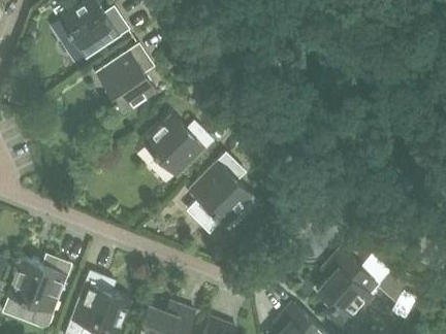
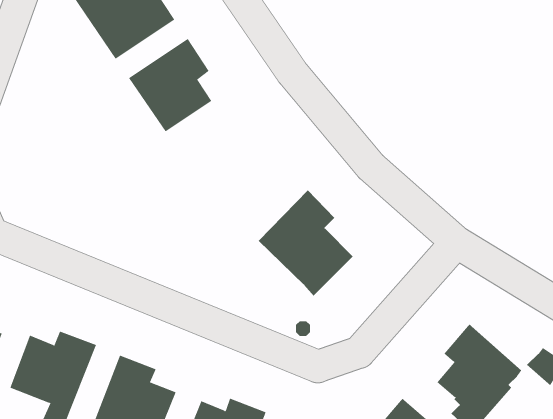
building: [142,115,213,178] -> none

